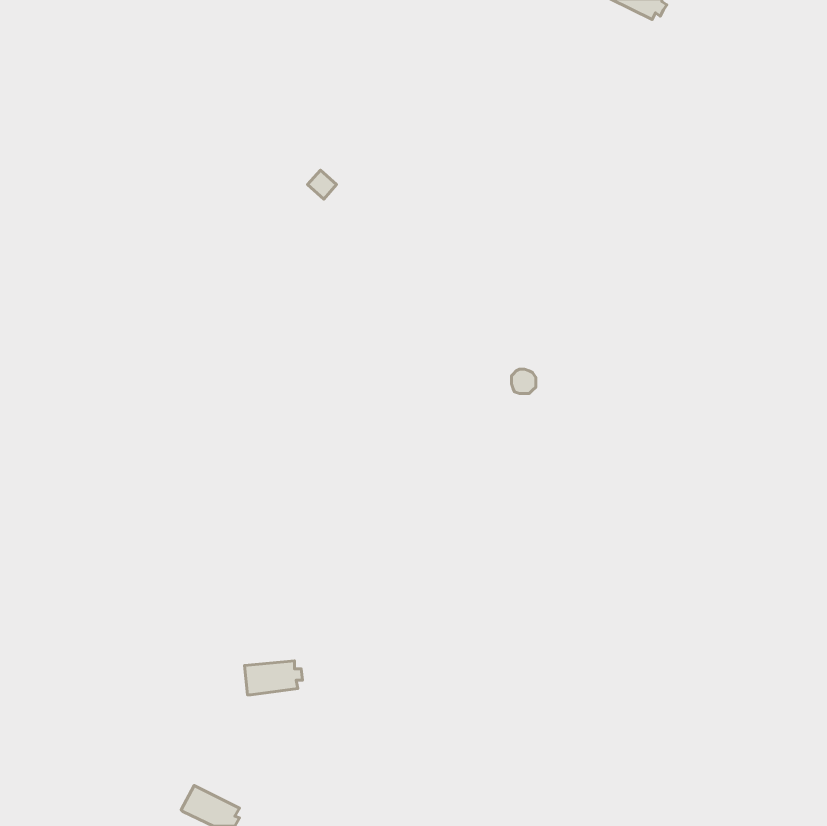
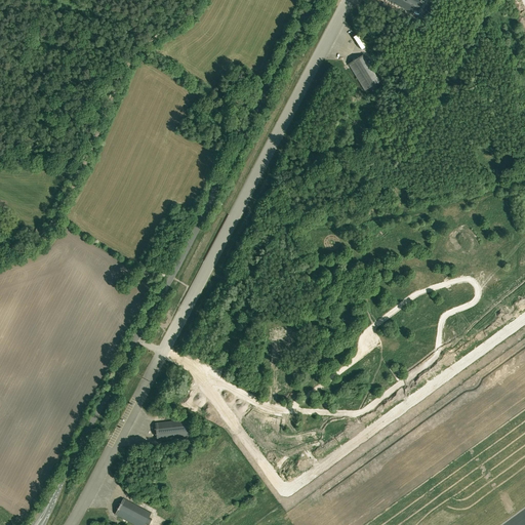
building: none -> [348,53,379,90]

